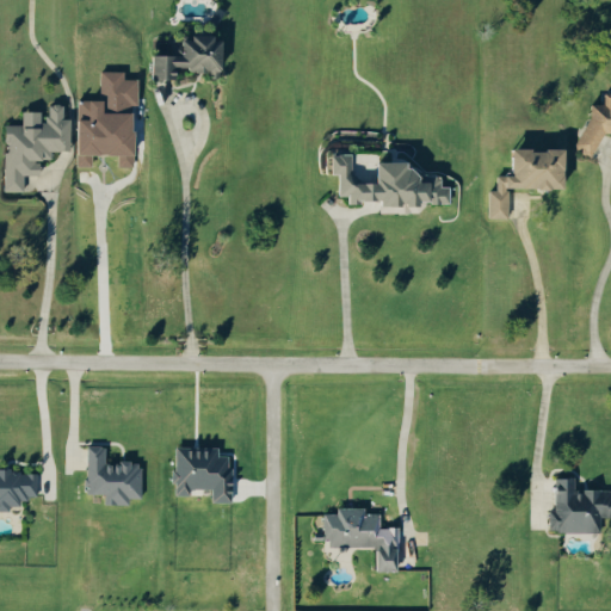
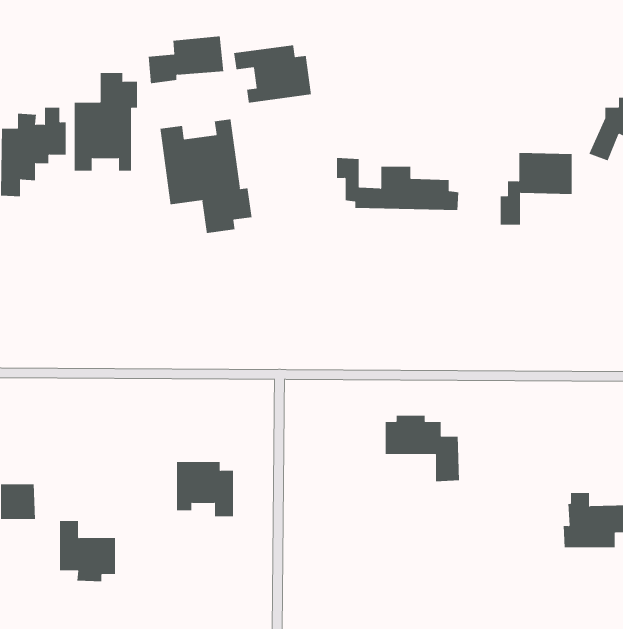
building: none -> [234,44,312,104]
building: none -> [160,118,252,234]
building: [88,445,143,505] -> [59,520,116,582]
building: [327,507,400,572] -> [385,415,460,482]

